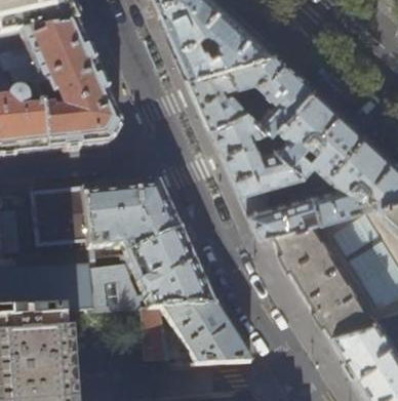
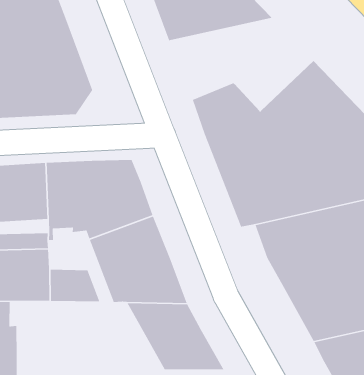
building: [185,52,313,134] -> none
building: [143,310,170,362] -> none

